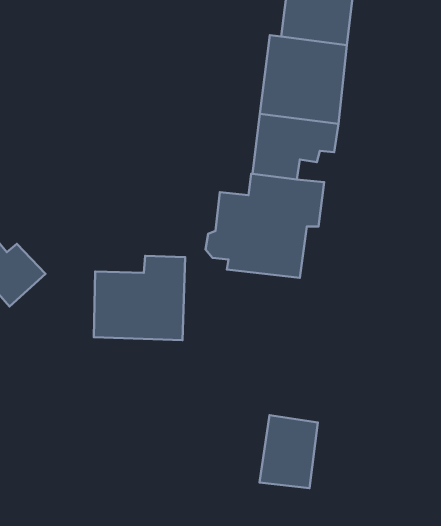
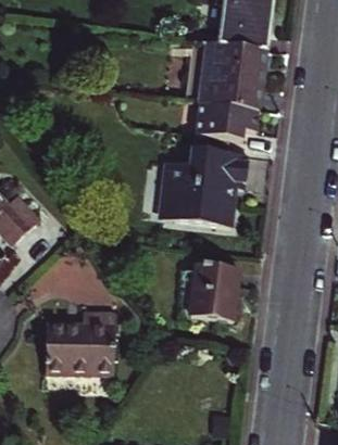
building: [94,256,185,340] -> [46,313,115,377]
building: [259,415,318,488] -> [192,265,237,320]

